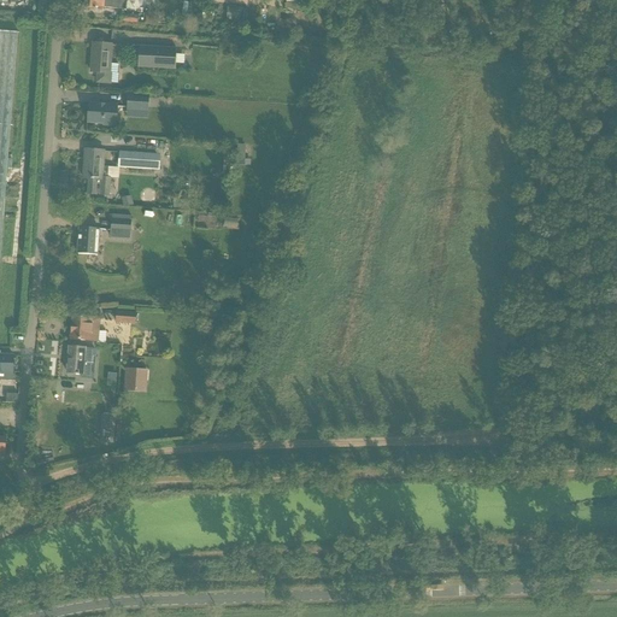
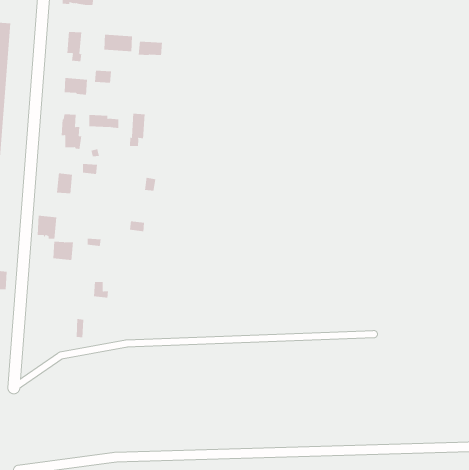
building: none -> [138,41,163,56]
building: none -> [129,113,145,147]
building: [64,345,90,376] -> [37,215,57,239]

